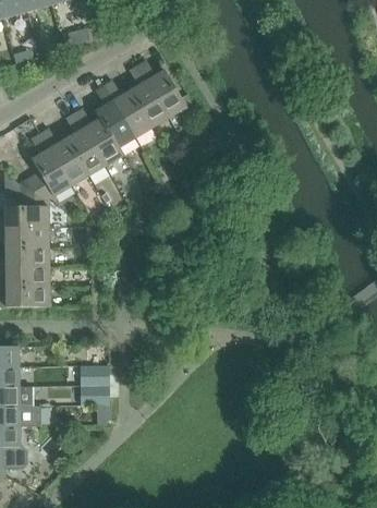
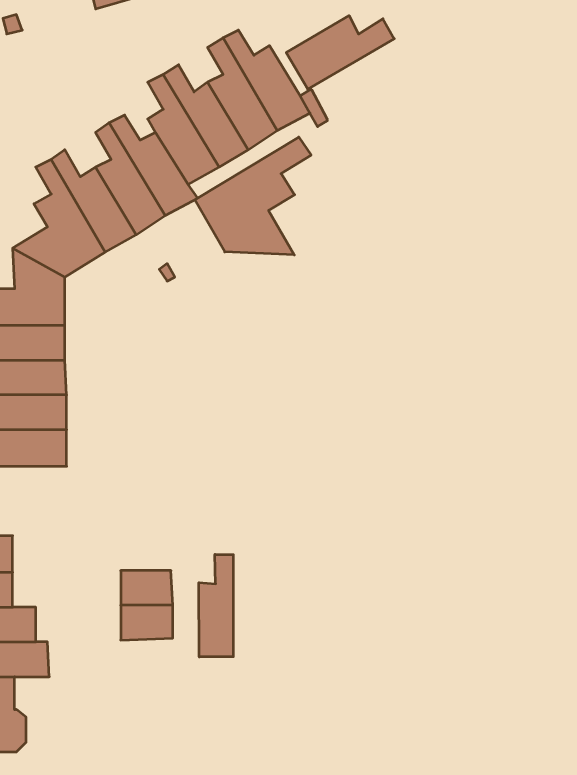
building: none -> [286,16,394,89]
building: none -> [195,137,311,255]
building: none -> [199,554,233,657]

